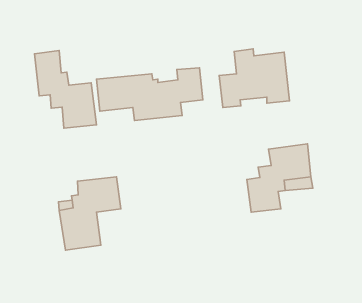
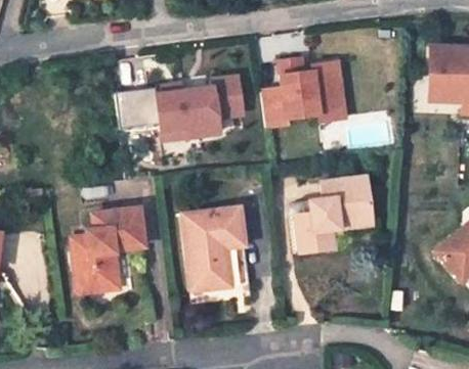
building: [35,51,96,128] -> none
building: none -> [181,204,244,288]

